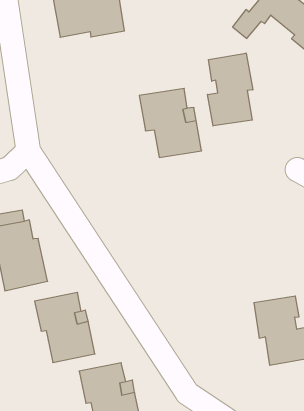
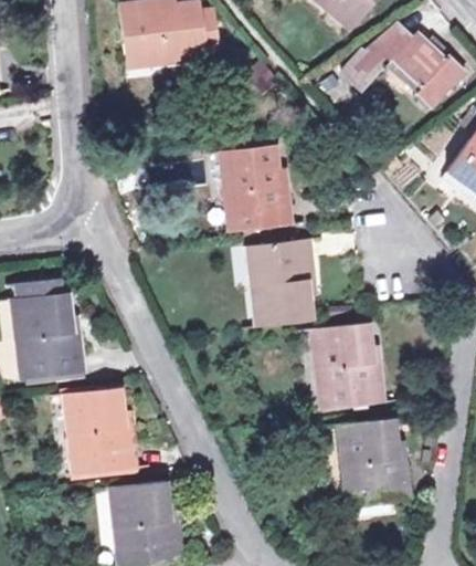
building: [208,53,253,126] -> none
building: none -> [253,241,314,324]
building: none -> [313,325,379,407]

